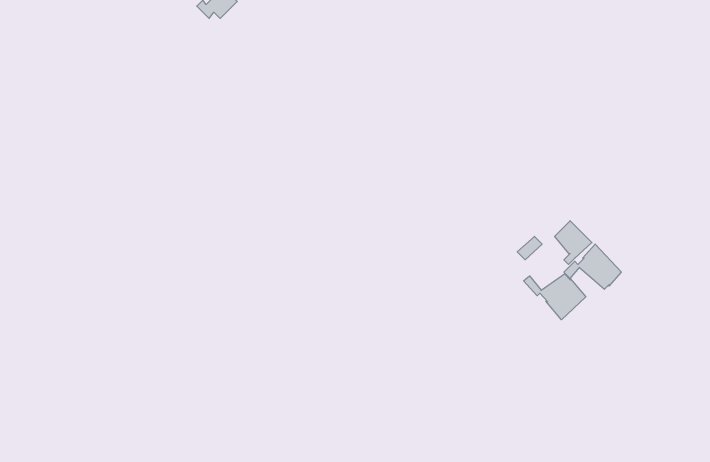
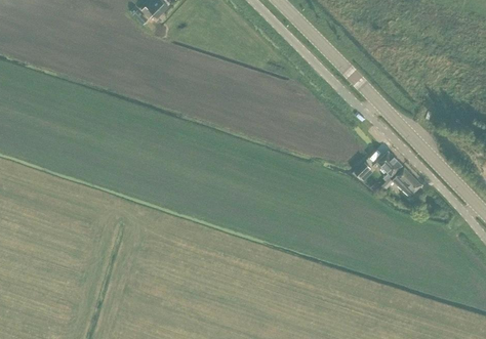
building: [524,274,586,320] -> none

